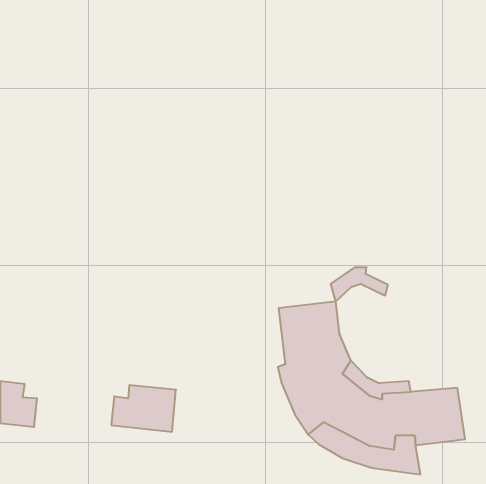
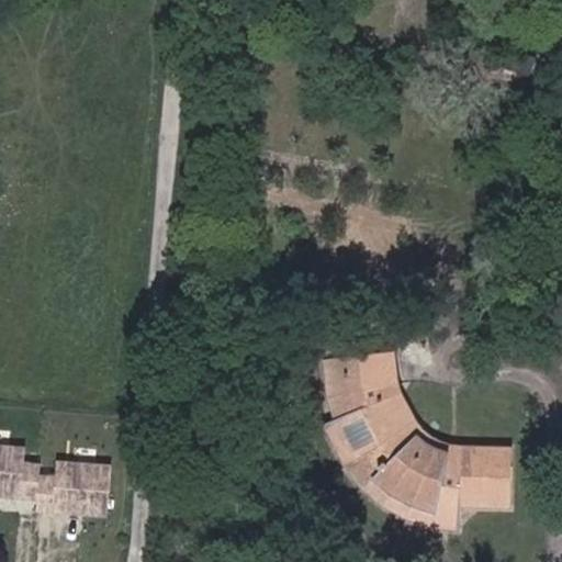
building: [331,267,388,301] -> none
building: [111,385,176,432] -> [38,458,113,512]

